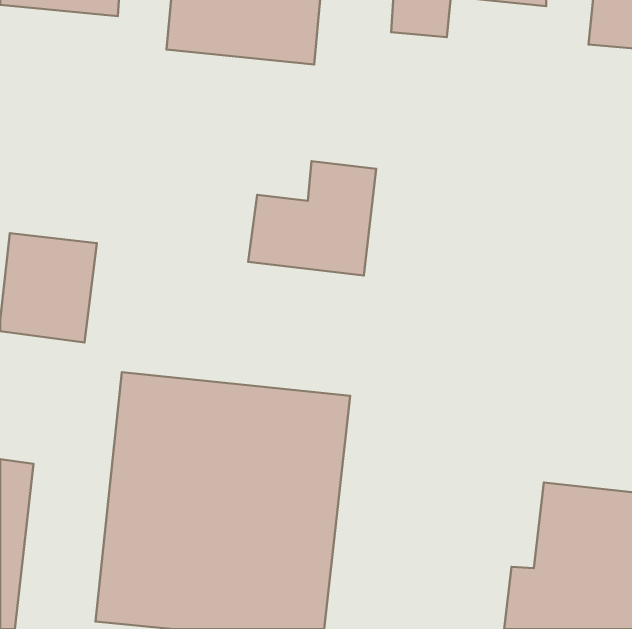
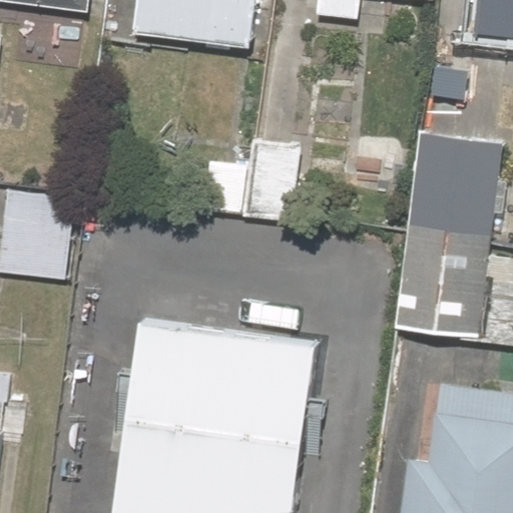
building: none -> [395,138,504,344]

